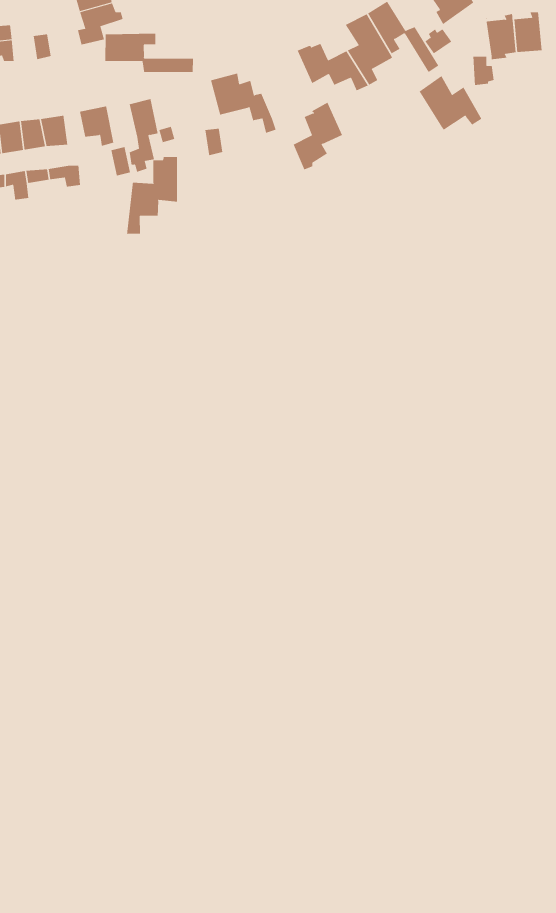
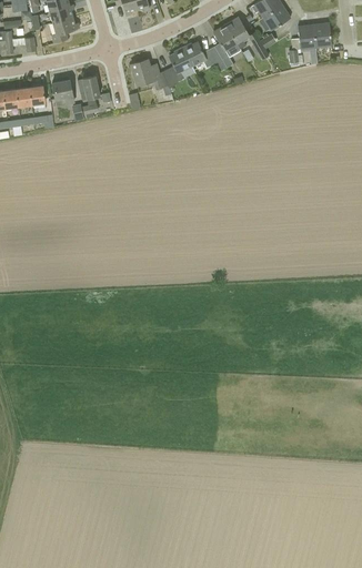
building: [105,33,193,73] -> none
building: [419,75,482,131] -> none
building: [293,102,343,170] -> [162,47,192,88]
building: [126,156,178,235] -> none

